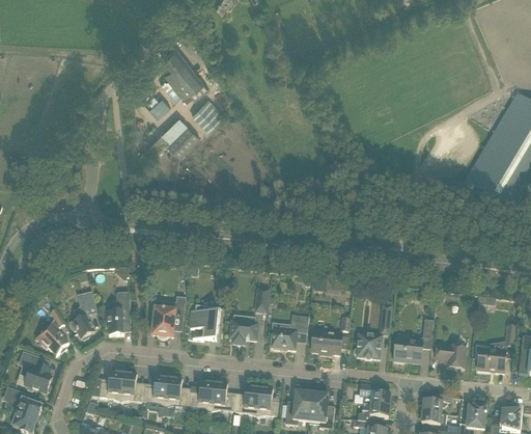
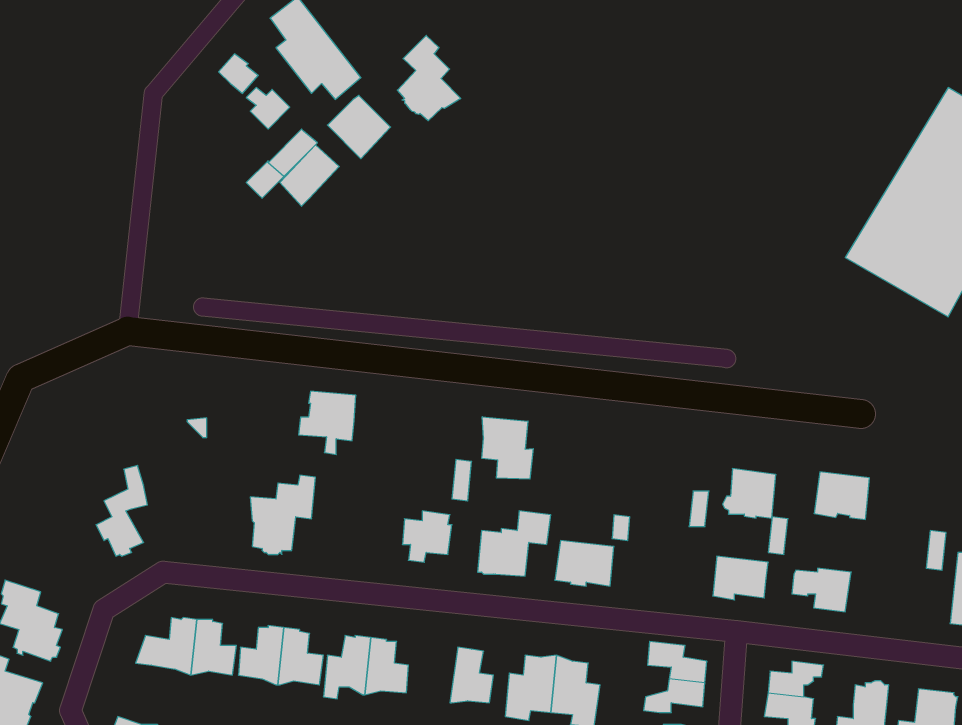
building: none -> [397,35,461,121]
building: none -> [482,417,533,479]
building: [106,291,130,332] -> none
building: [189,303,219,336] -> [299,391,356,455]
building: [35,307,68,354] -> none
building: [353,331,381,357] -> [723,469,776,518]
building: [476,346,505,371] -> [814,472,869,519]
building: [234,384,259,414] -> none

